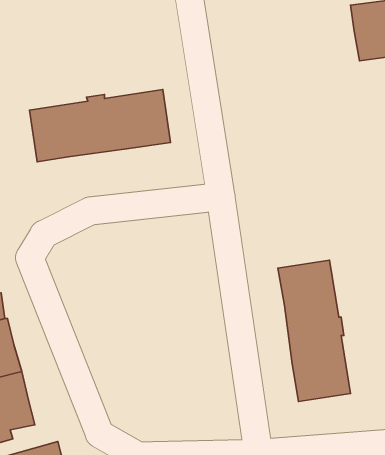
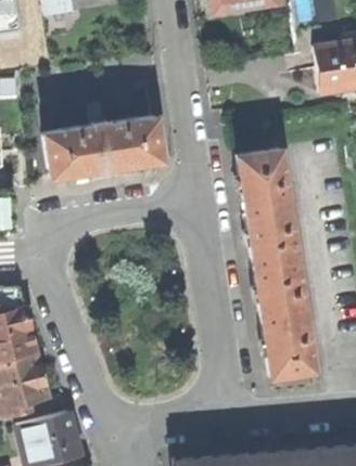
building: none -> [238,148,297,266]

